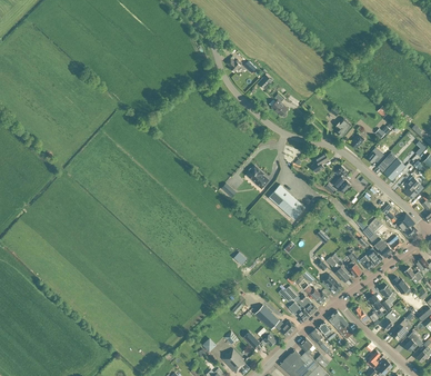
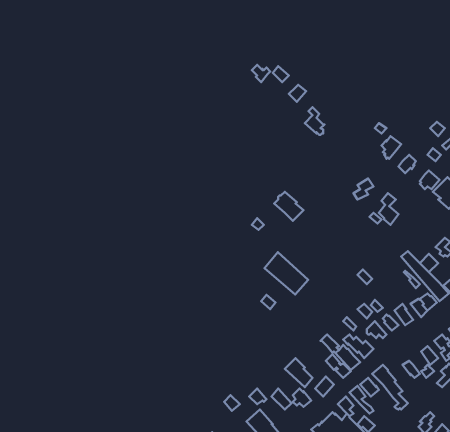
building: [269,184,305,219] -> [265,252,308,294]

